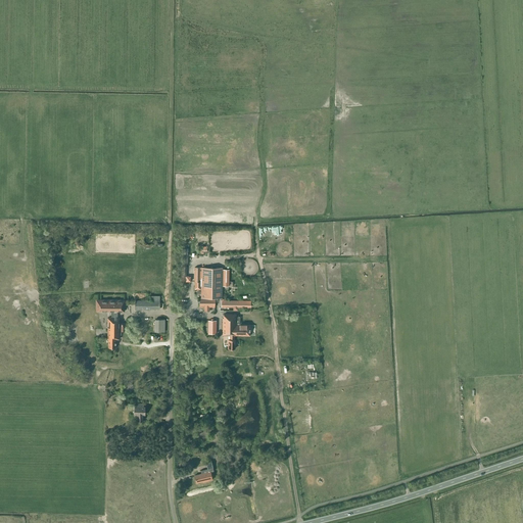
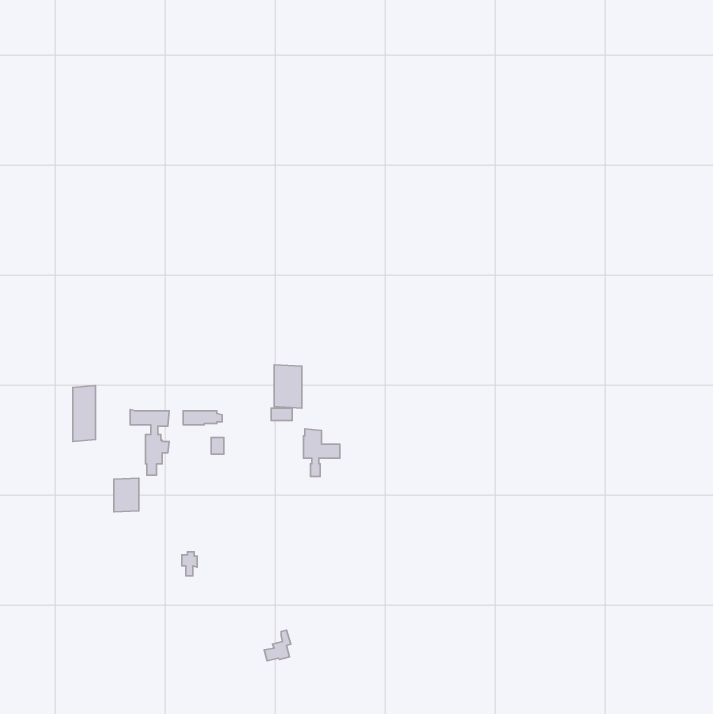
building: none -> [73,386,96,441]
building: none -> [114,478,139,512]

